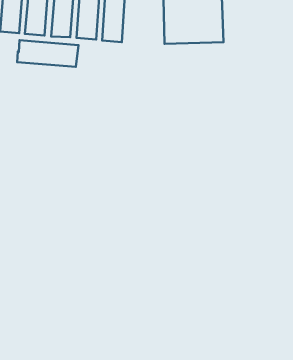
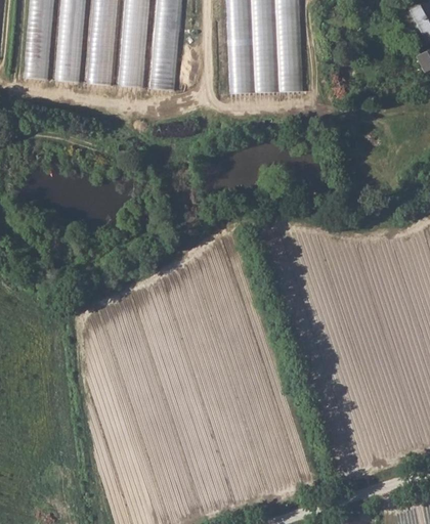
building: [17,40,78,67] -> none

